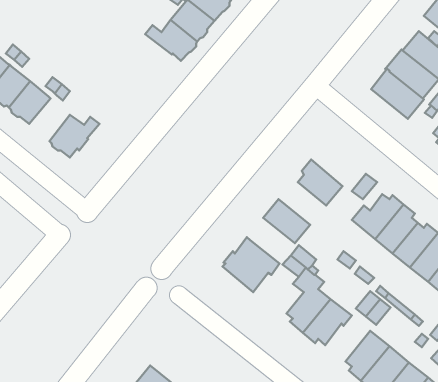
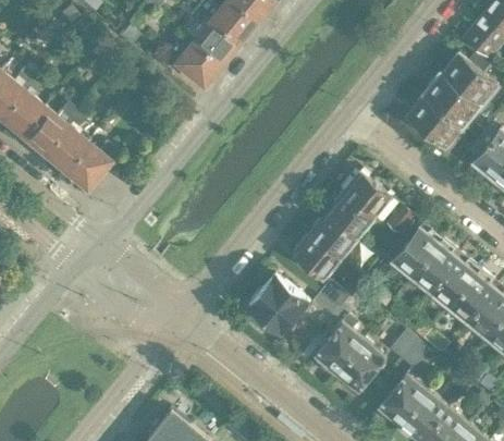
building: none -> [41,126,85,172]
building: none -> [343,172,393,220]
building: none -> [308,216,359,261]

